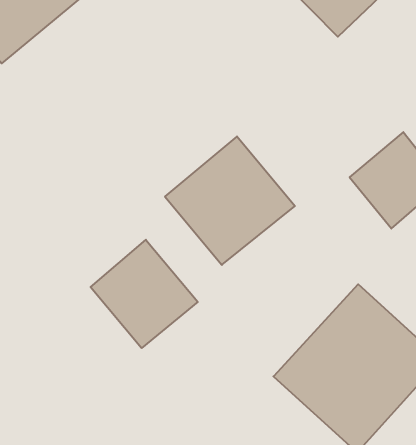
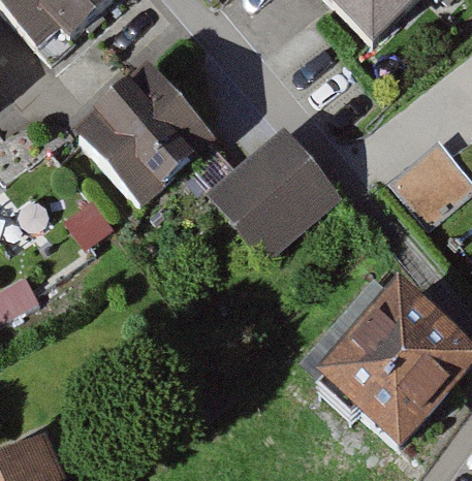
building: none -> [81,66,222,206]
building: [91,240,198,348] -> none

